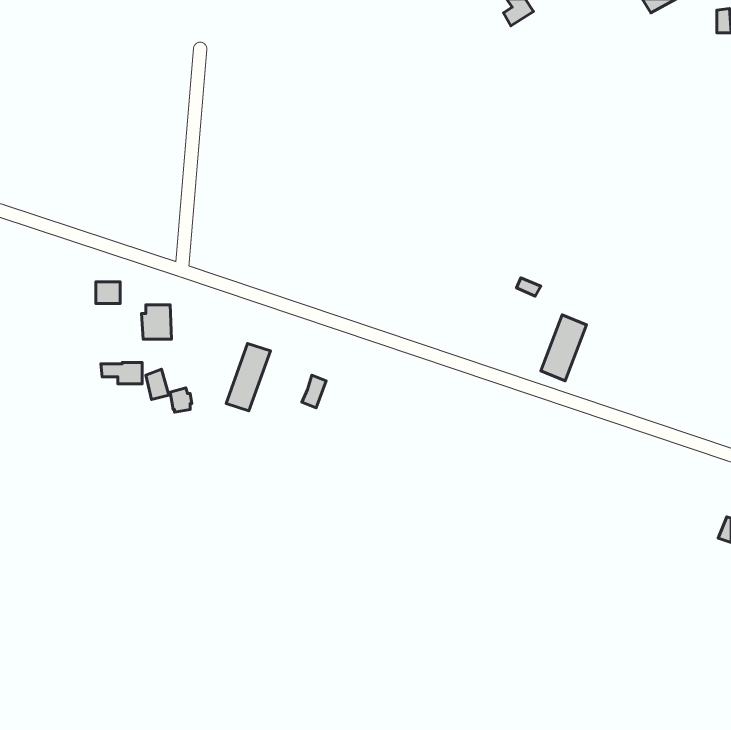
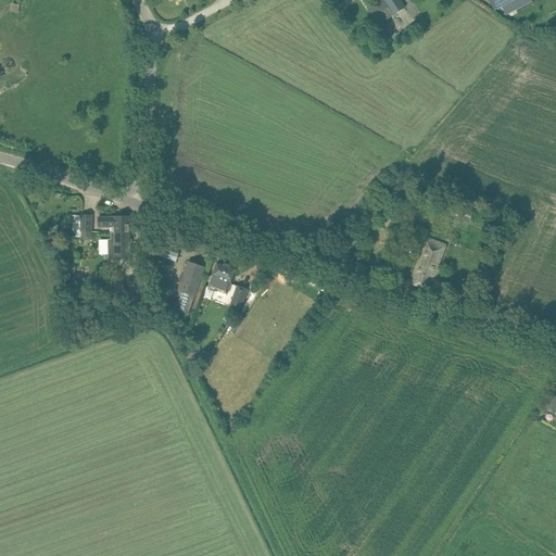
building: none -> [208,260,236,293]
building: [101,362,142,384] -> [98,215,129,231]

